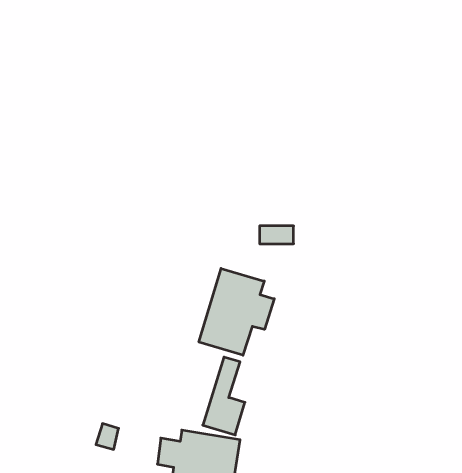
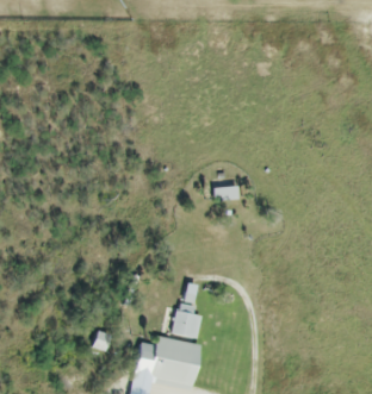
building: [199,268,274,355] -> none

